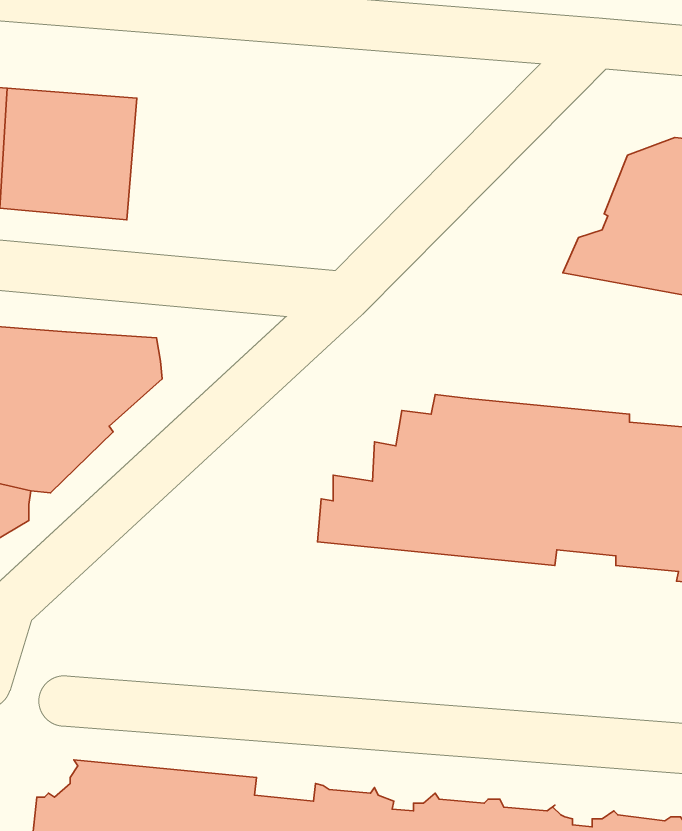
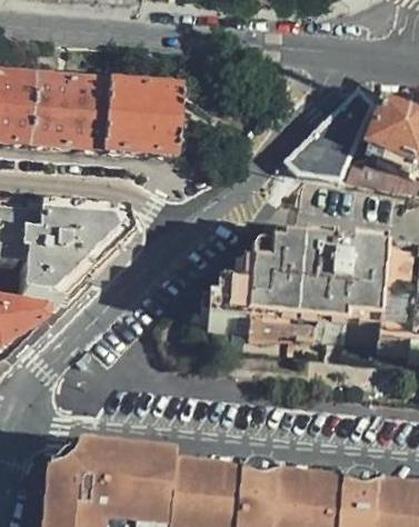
building: none -> [100,73,179,148]
building: none -> [288,81,372,172]

